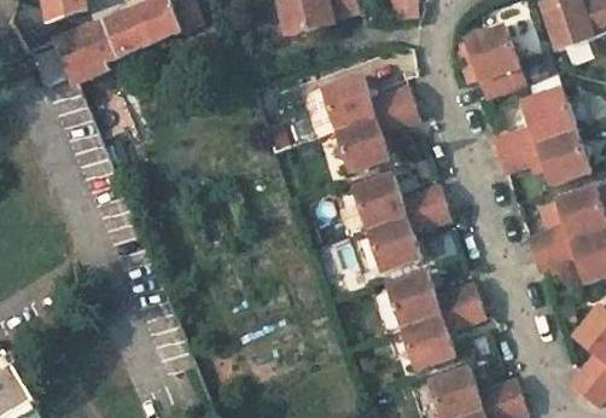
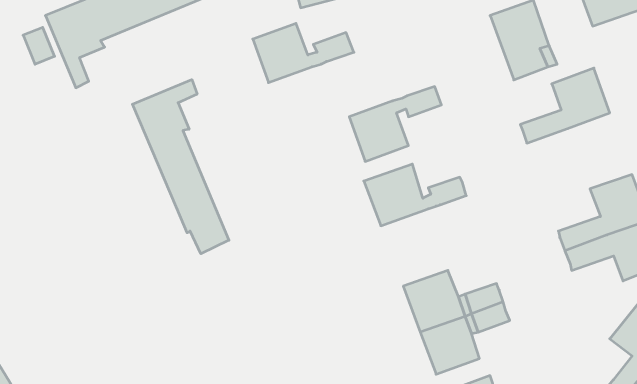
building: [319,77,412,132] -> [253,23,354,83]
building: none -> [132,80,229,254]
building: [496,128,587,184] -> none
building: [362,204,447,271] -> none

